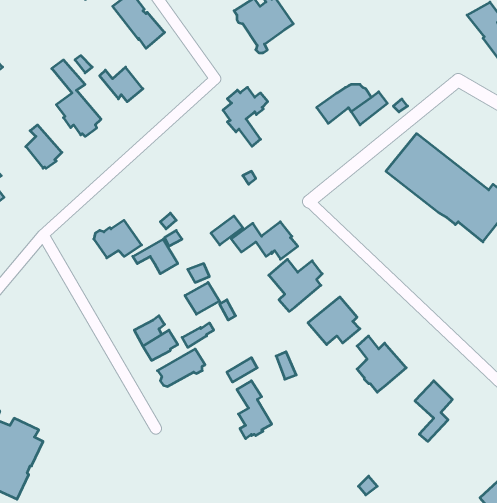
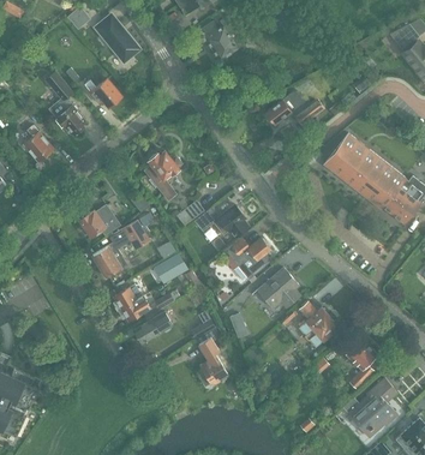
building: [223,87,268,146] -> [144,151,181,200]
building: none -> [91,243,126,276]
building: none -> [343,378,396,432]

